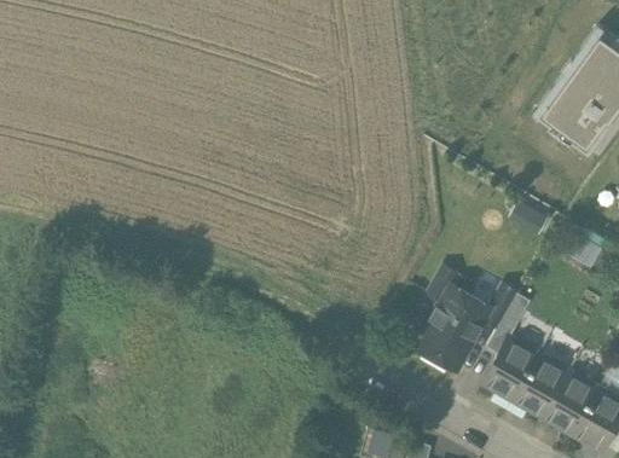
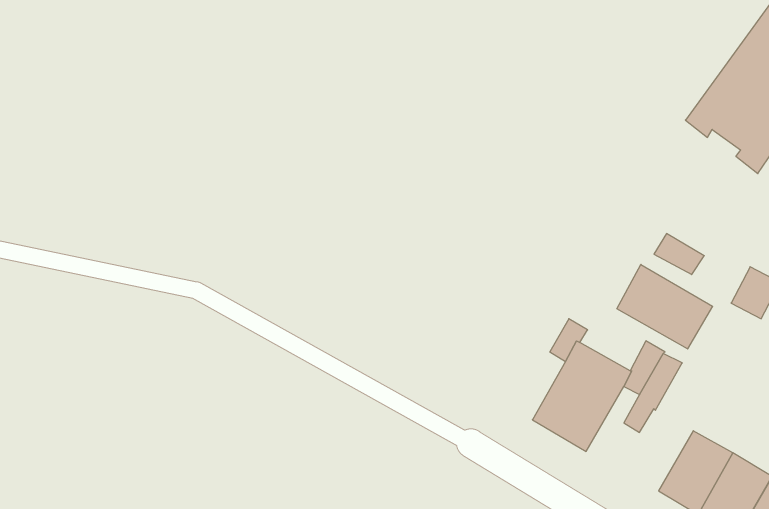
building: none -> [617,264,713,349]
building: [482,338,539,401] -> none

